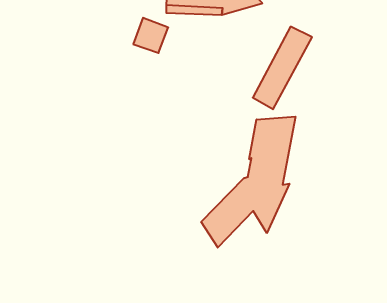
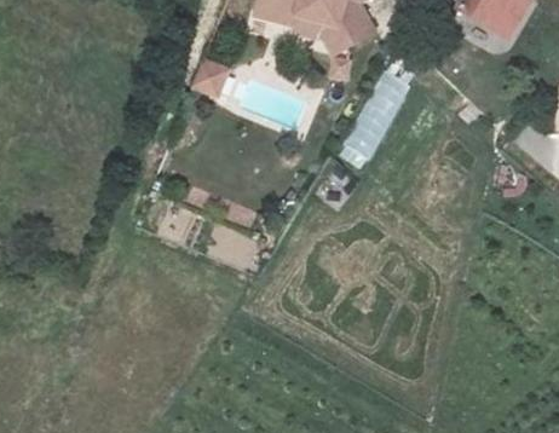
building: [201,117,295,248] -> none

